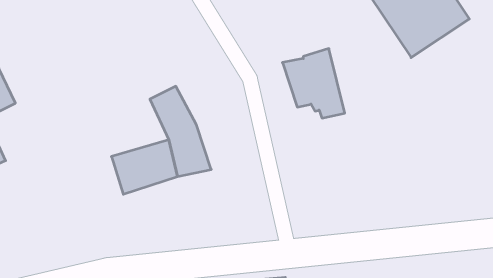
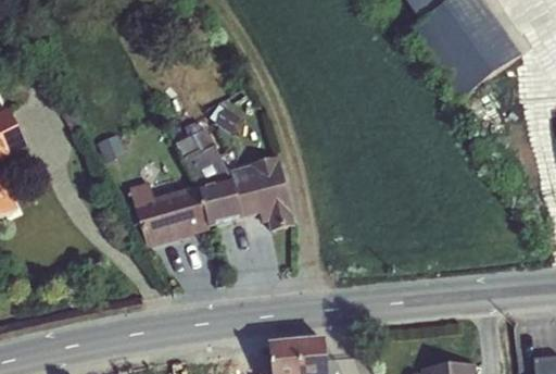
building: [282,49,345,118] -> [225,154,293,230]

